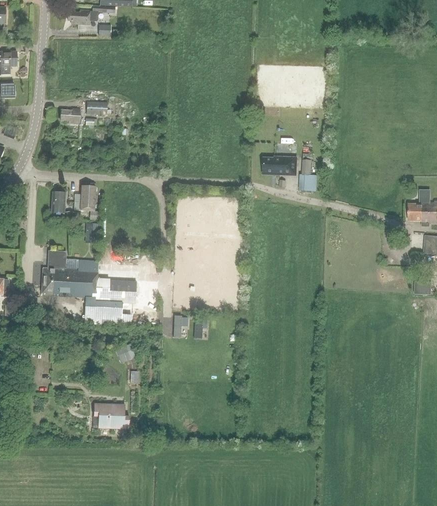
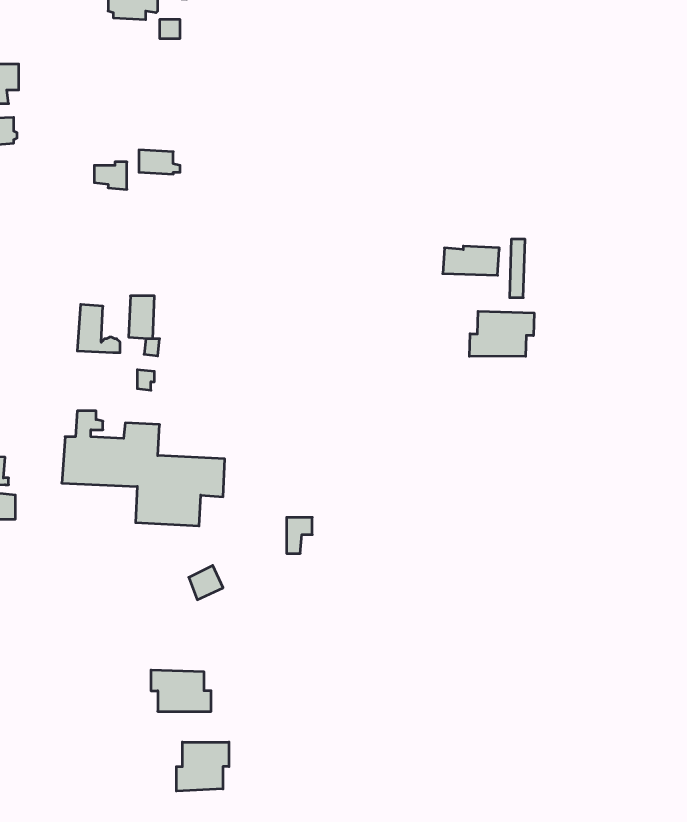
building: none -> [469,311,534,356]
building: none -> [176,742,229,791]

